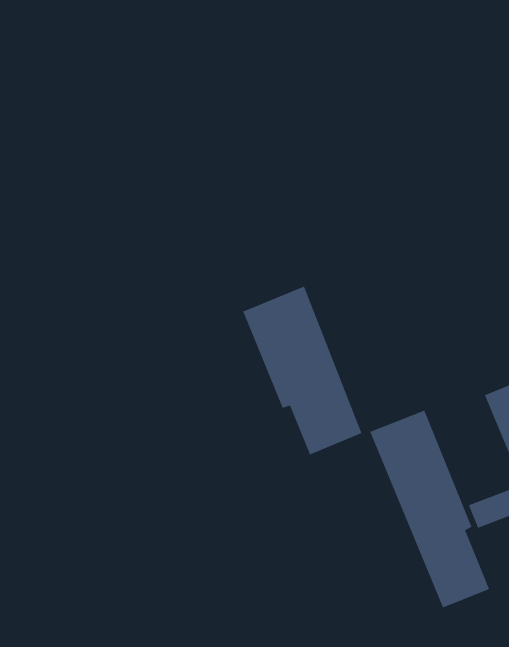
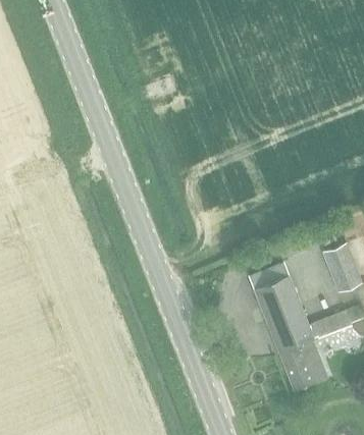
building: [242,286,363,455] -> none

